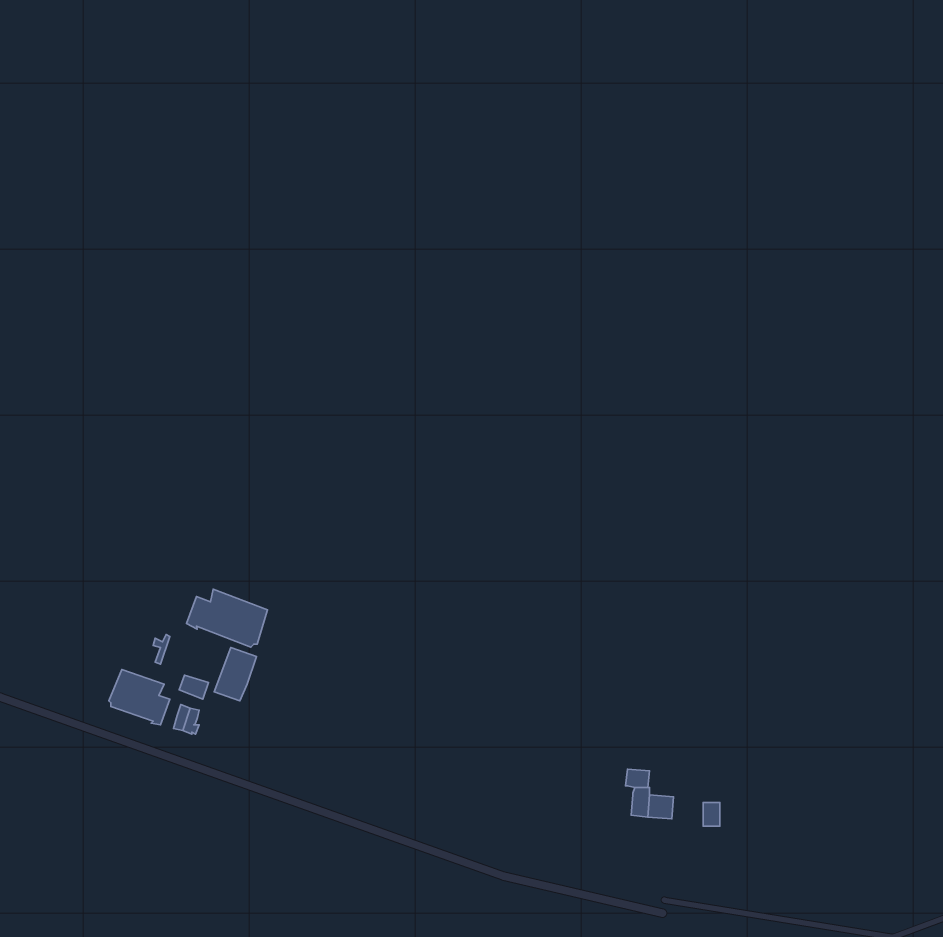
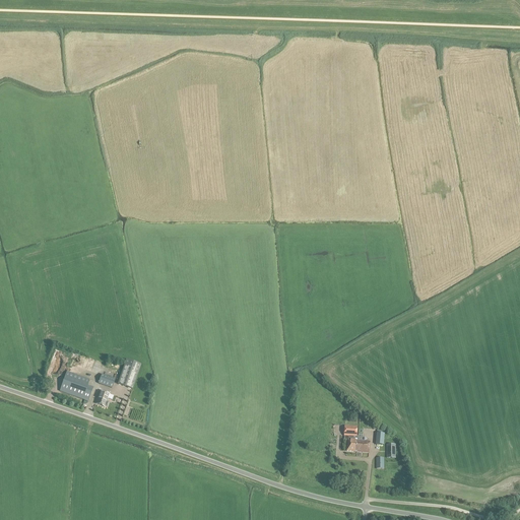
building: [186,589,268,647] -> none

